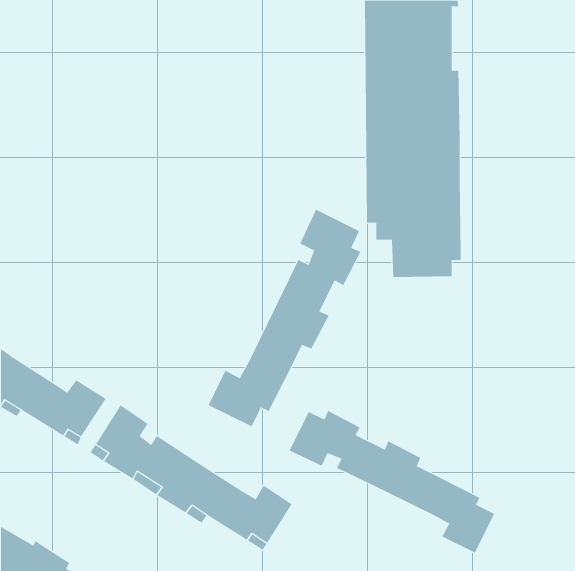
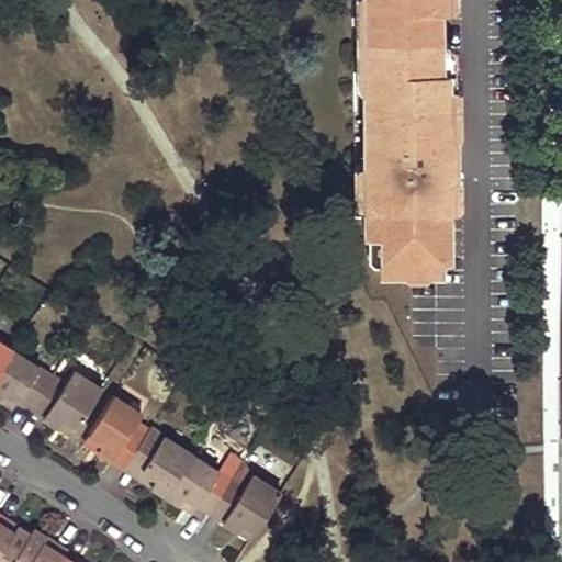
building: [208,209,361,427] -> none
building: [289,410,495,553] -> none

